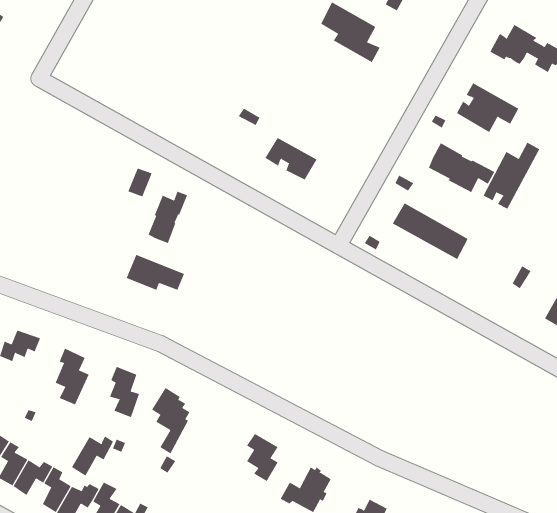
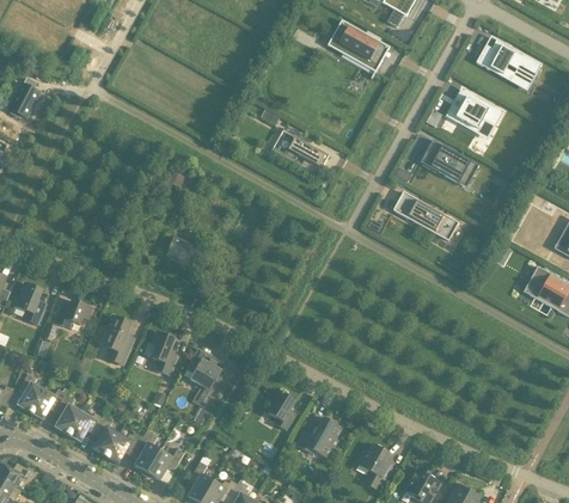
building: [483,142,541,210] -> none
building: [148,191,188,244] -> none
building: [71,436,114,477] -> none

